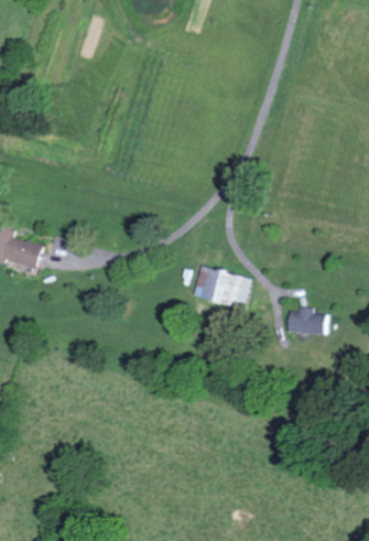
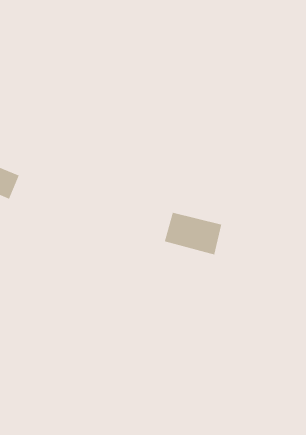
building: [286,310,327,333] -> none

